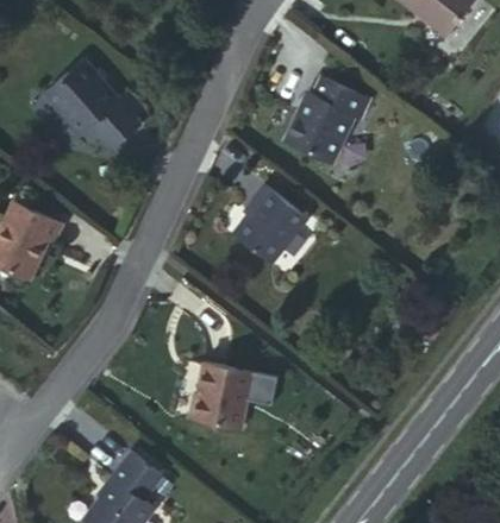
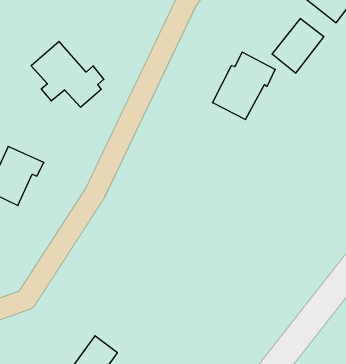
building: none -> [272,18,324,73]
building: [233,185,306,262] -> none
building: [190,364,251,429] -> none

